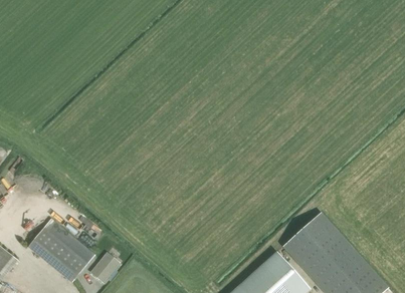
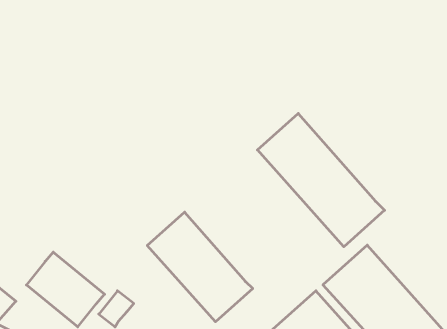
building: none -> [257,113,385,247]
building: none -> [147,212,253,322]

